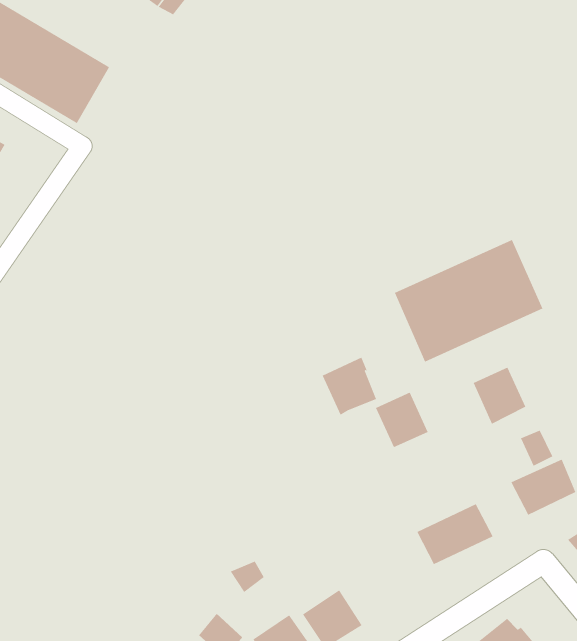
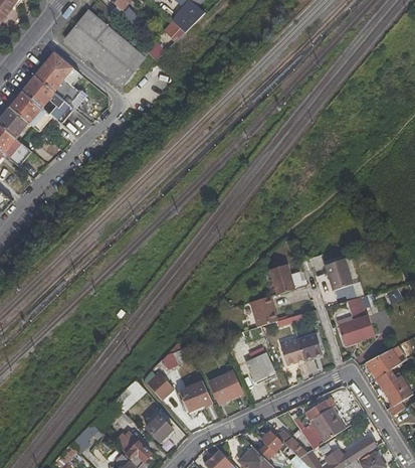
building: [394,239,543,362] -> none
building: [322,357,377,415] -> [247,296,276,327]
building: none -> [245,353,272,379]

